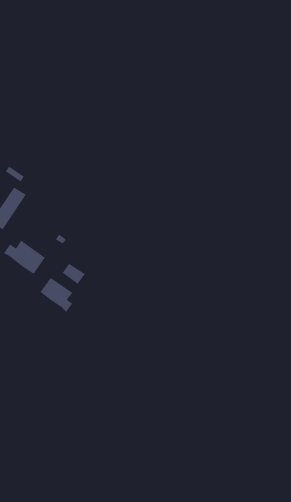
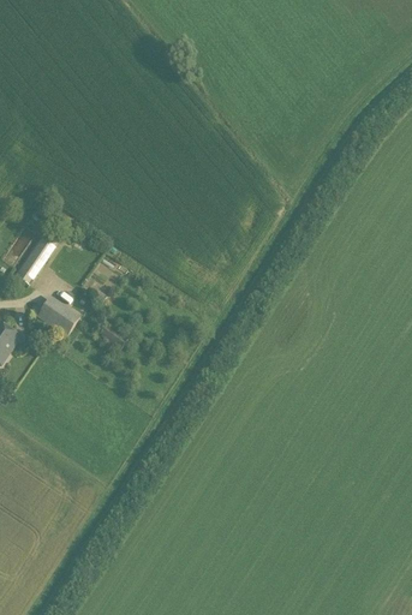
building: [39,277,73,313] -> none

